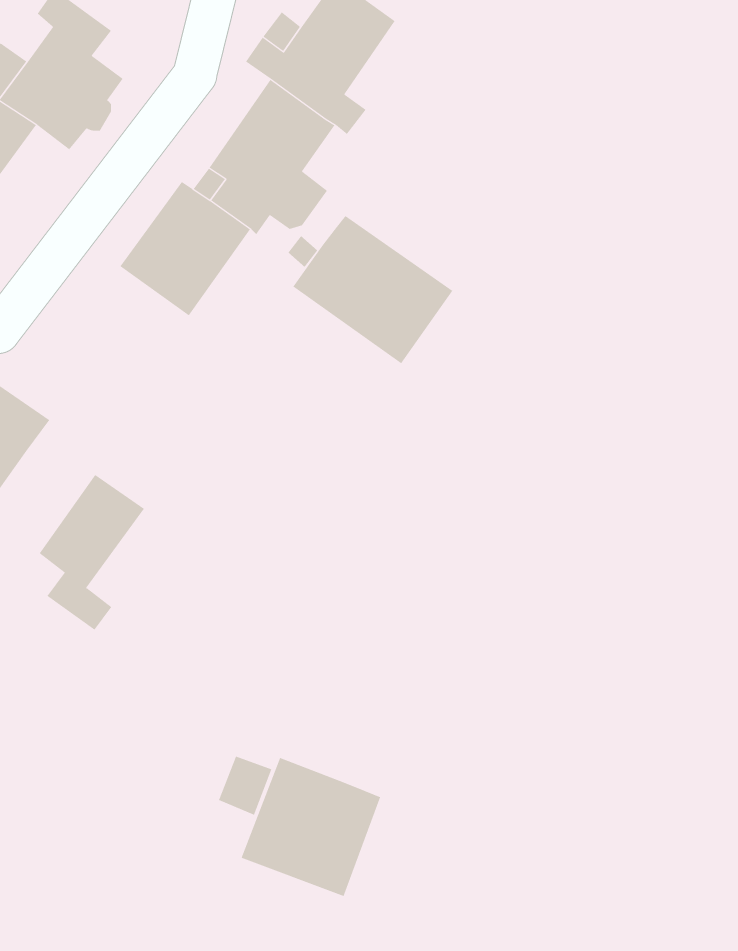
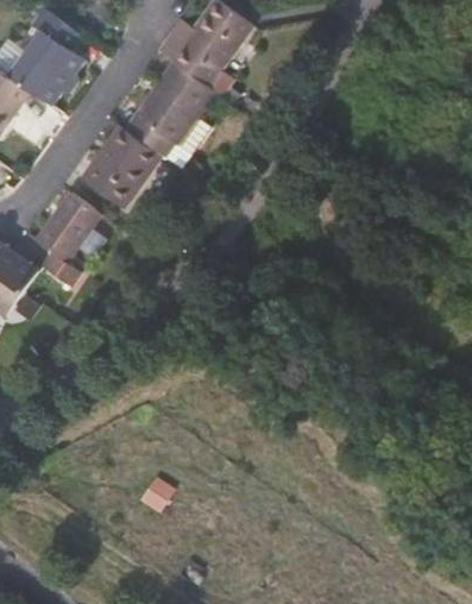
building: [292,215,453,364] -> none
building: [39,474,145,630] -> [36,193,101,289]
building: [241,757,381,897] -> none

